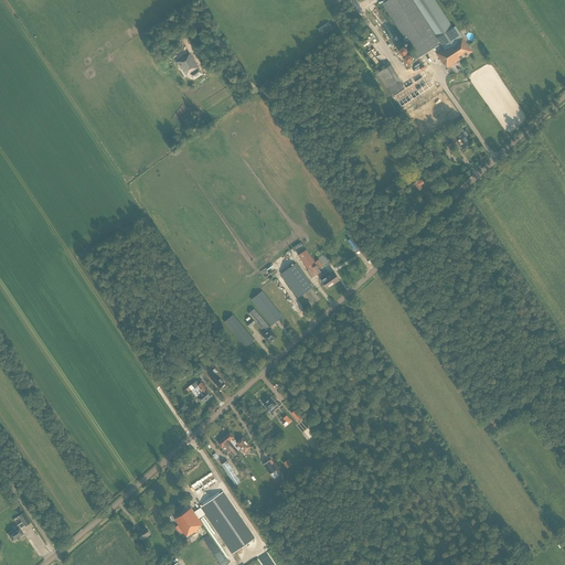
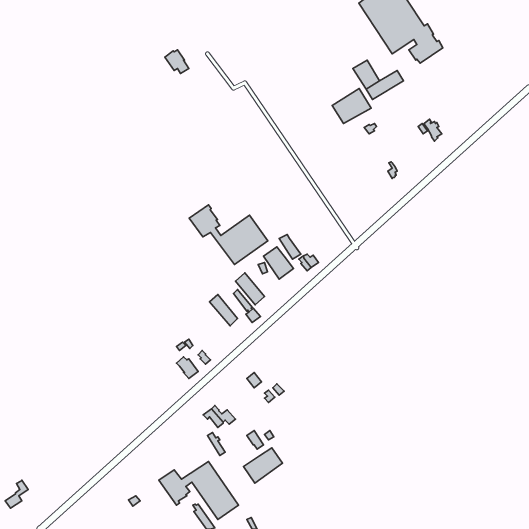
building: none -> [332,88,371,123]
building: none -> [189,205,268,265]
building: none -> [243,448,283,483]

